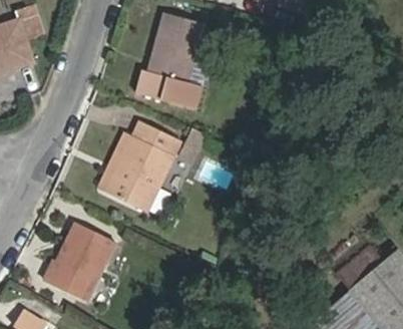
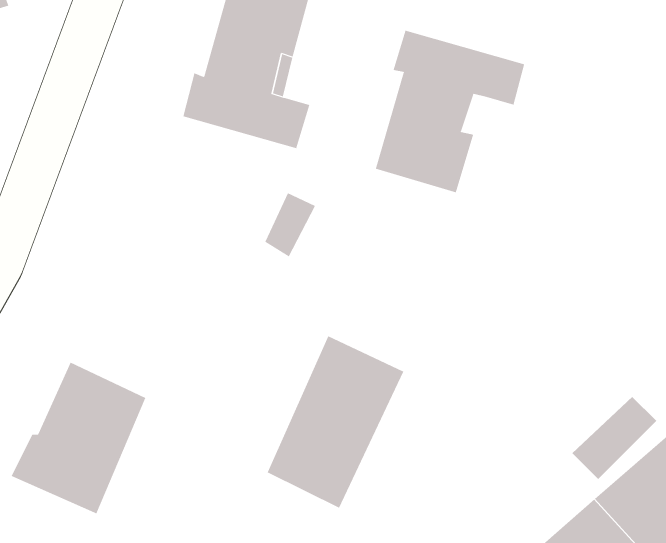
building: none -> [375,30,525,193]
building: [107,120,179,212] -> [267,335,404,509]

